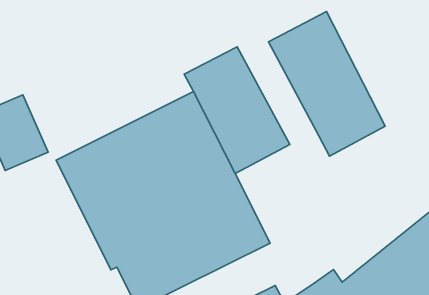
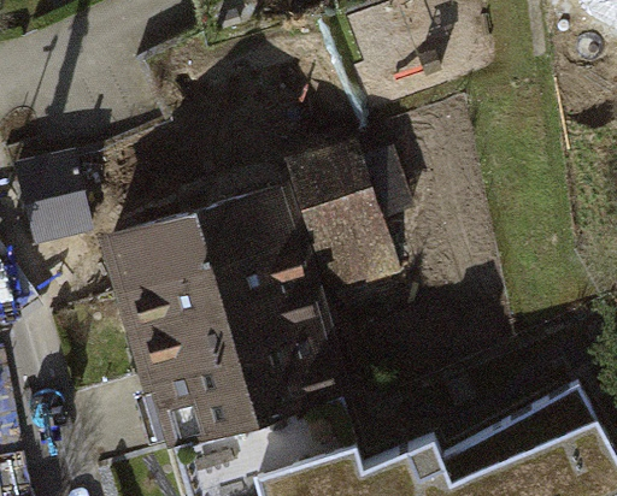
building: [268,11,385,156] -> none

